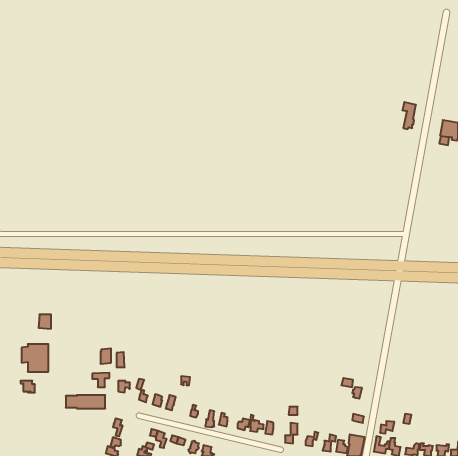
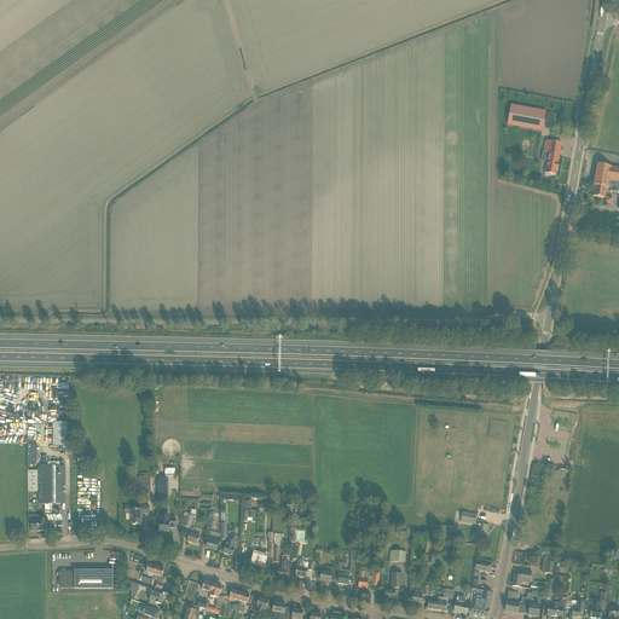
building: none -> [508,103,545,128]
building: [66,395,105,408] -> [59,568,112,586]

